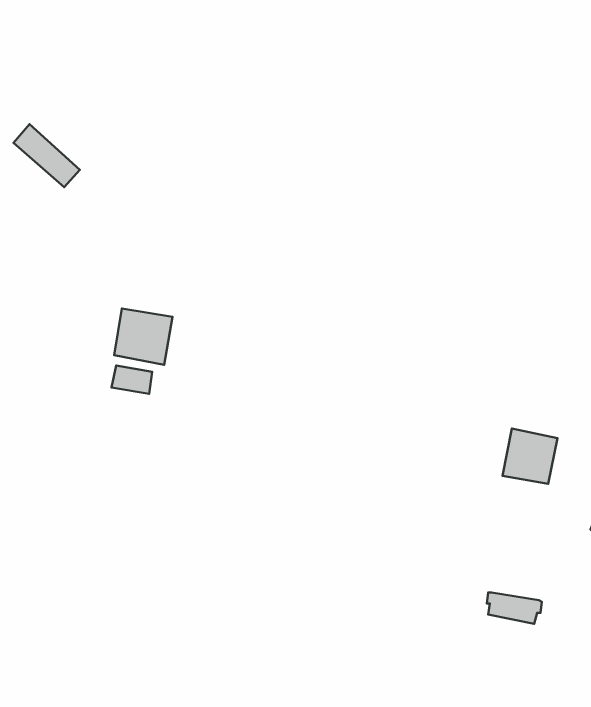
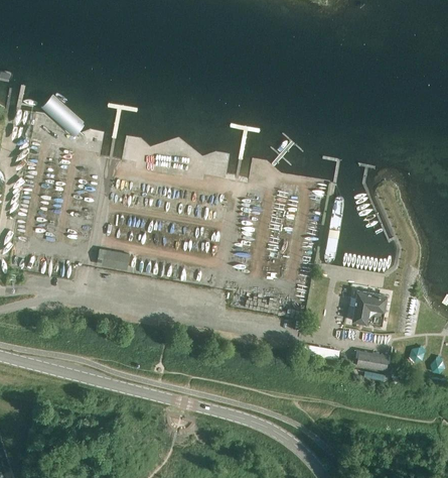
building: [114,308,173,365] -> none
building: [487,592,542,624] -> [354,349,390,369]

